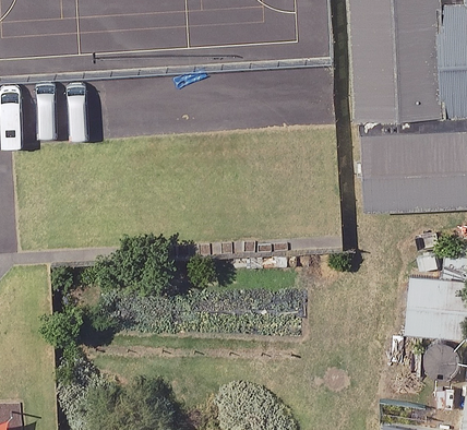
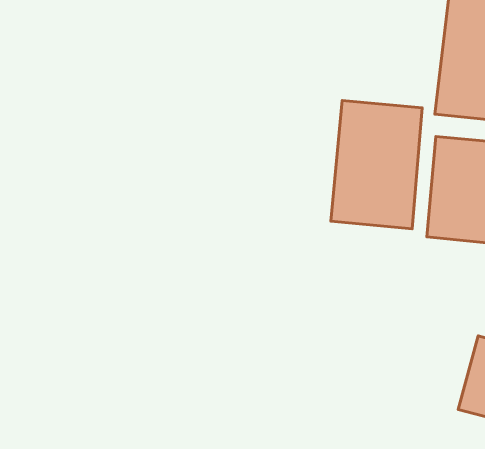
building: none -> [331,100,422,229]

